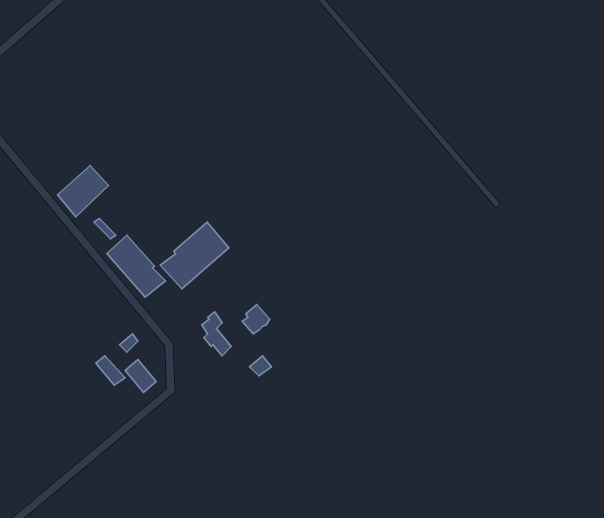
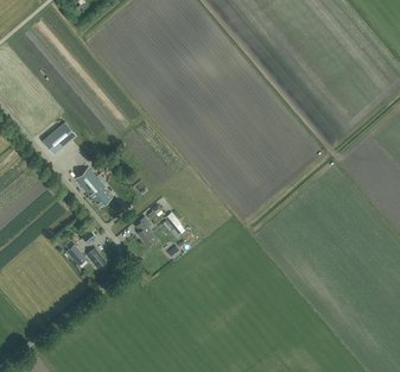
building: [160,222,229,289] -> none

